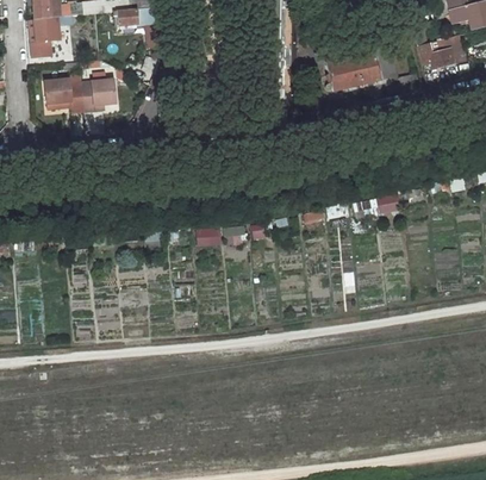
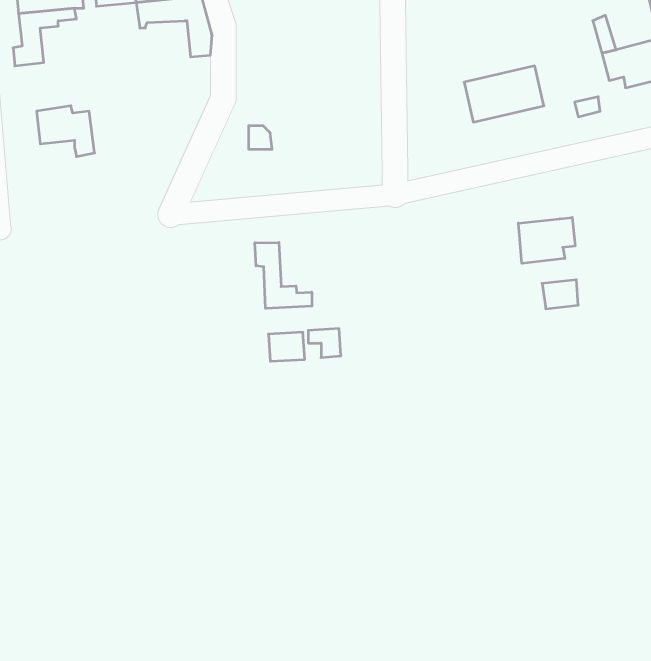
building: [80,80,114,111] -> none
building: none -> [518,217,575,263]
building: none -> [255,242,312,308]

